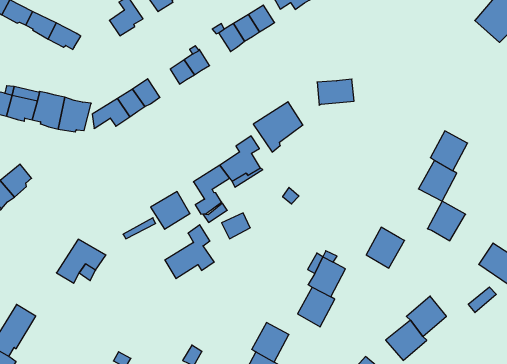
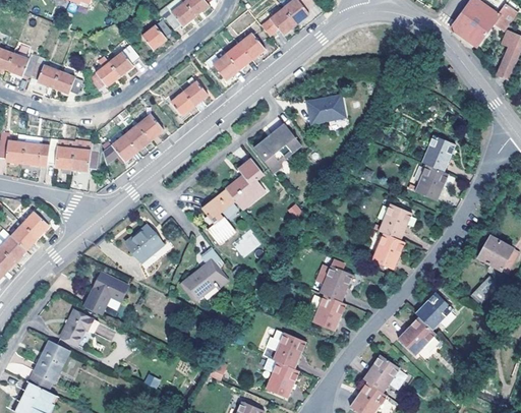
building: none -> [89,64,118,91]
building: [151,192,190,229] -> [122,225,160,261]
building: [427,201,466,241] -> [379,203,413,240]
building: none -> [58,308,96,344]

